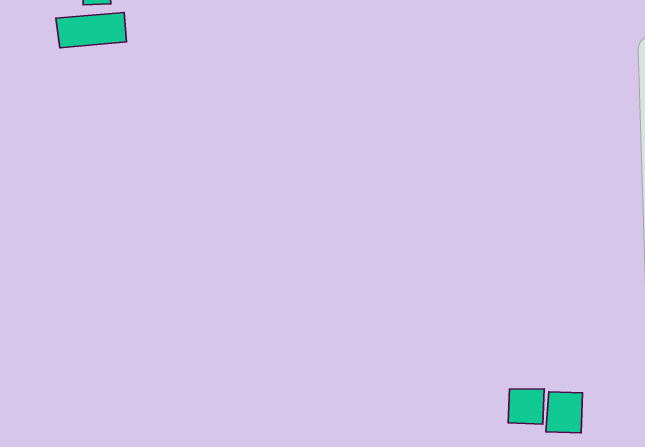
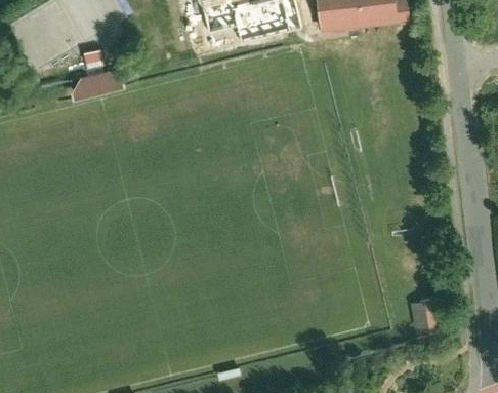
building: [508,389,544,424] -> none

